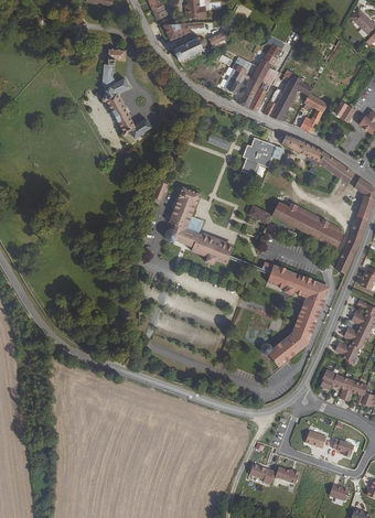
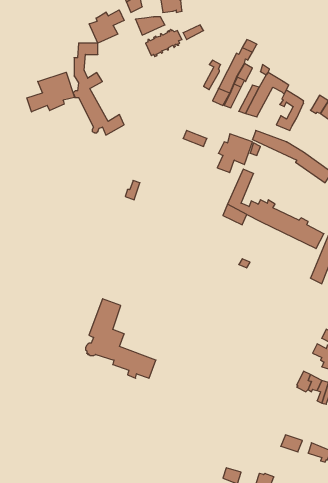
building: none -> [89,10,124,43]
building: none -> [27,72,74,112]
building: [165,186,234,263] -> [86,299,156,378]
building: [261,263,331,366] -> none

